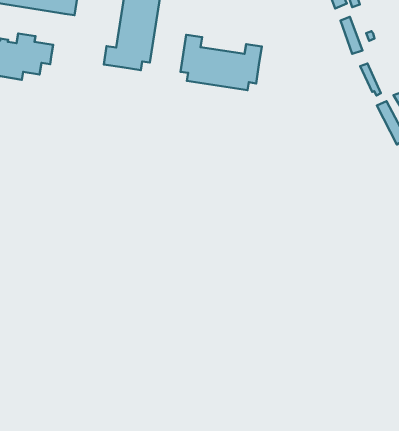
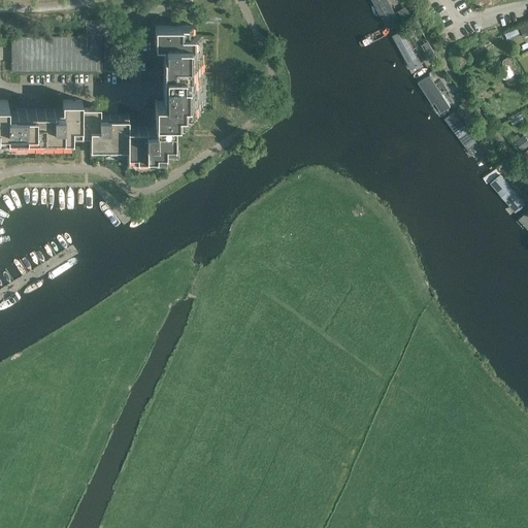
building: [181,35,262,90] -> none
building: none -> [88,117,172,166]

